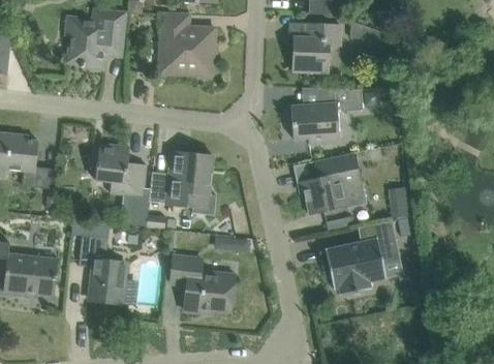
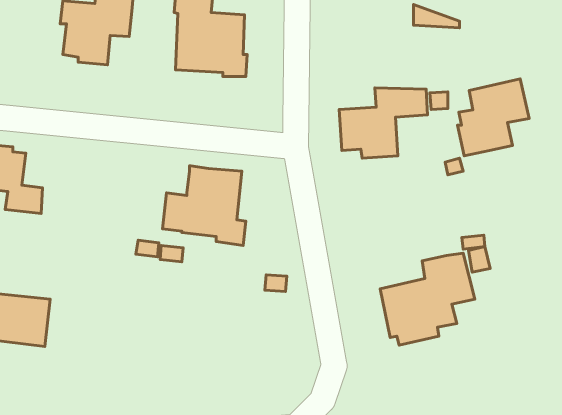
building: [292,24,341,72] -> none
building: [95,143,146,196] -> none
building: [304,152,362,214] -> [458,79,529,156]
building: [79,234,125,303] -> none
building: [169,255,235,311] -> none

